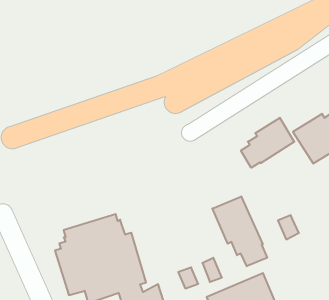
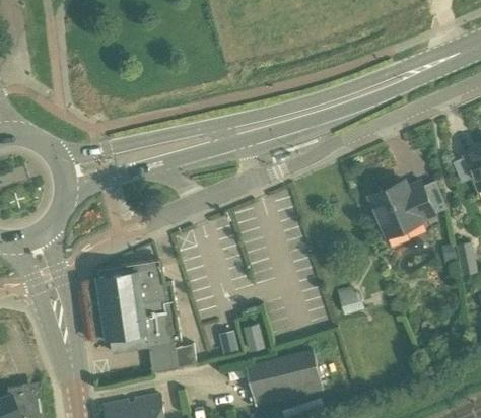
building: [241,118,294,168] -> none
building: [212,196,267,266] -> none

